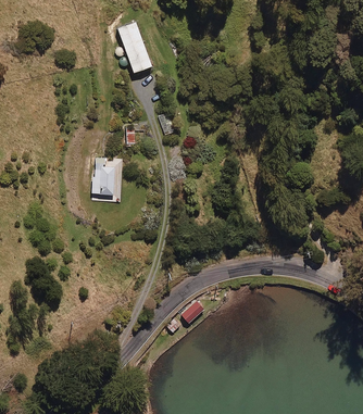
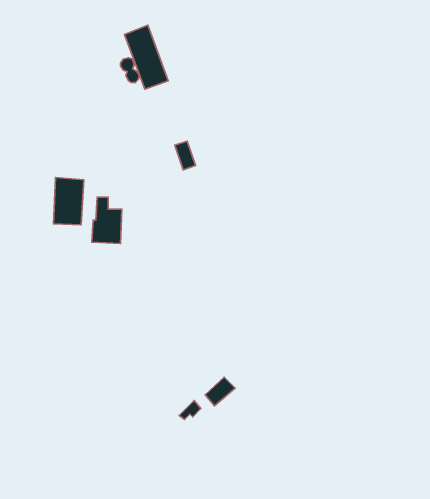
building: none -> [53,178,84,225]

